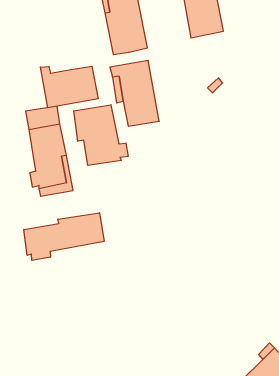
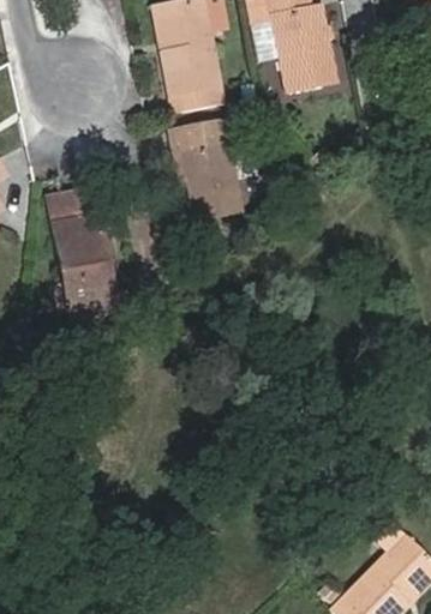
building: [40,66,98,108] -> none
building: [74,105,128,165] -> none
building: [24,213,104,260] -> none

